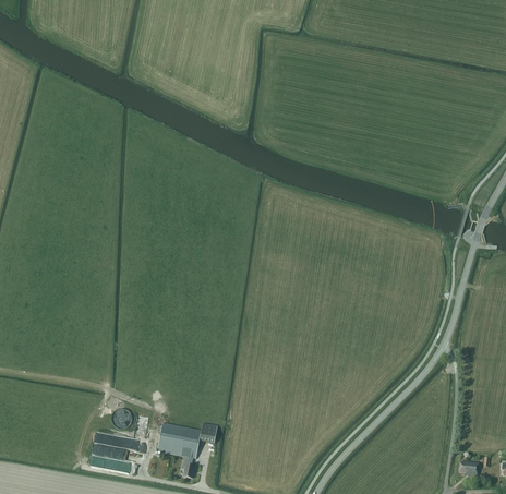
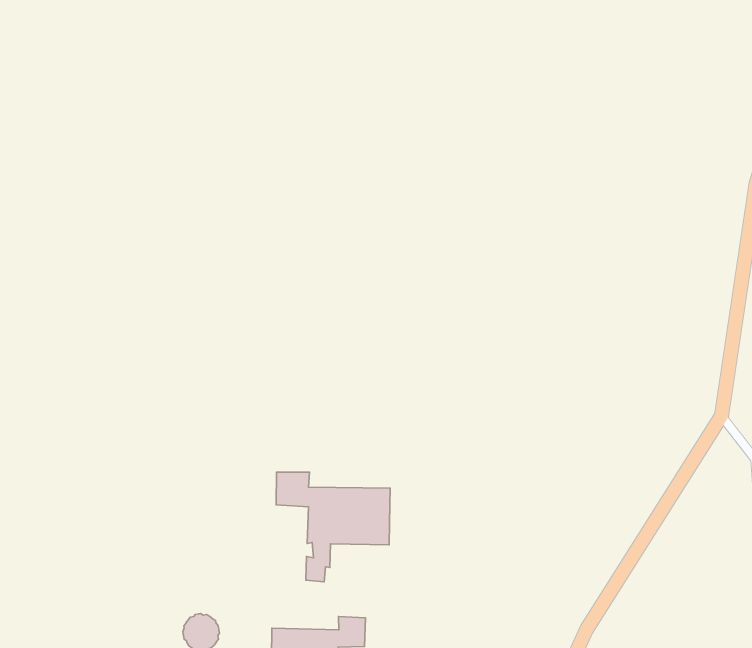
building: none -> [276,472,390,582]

